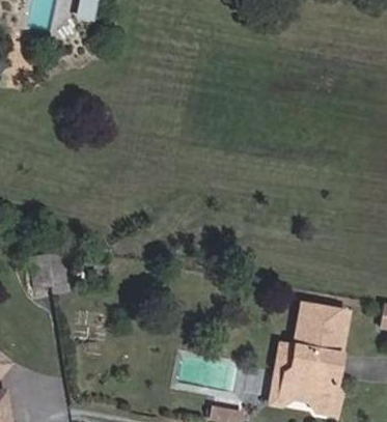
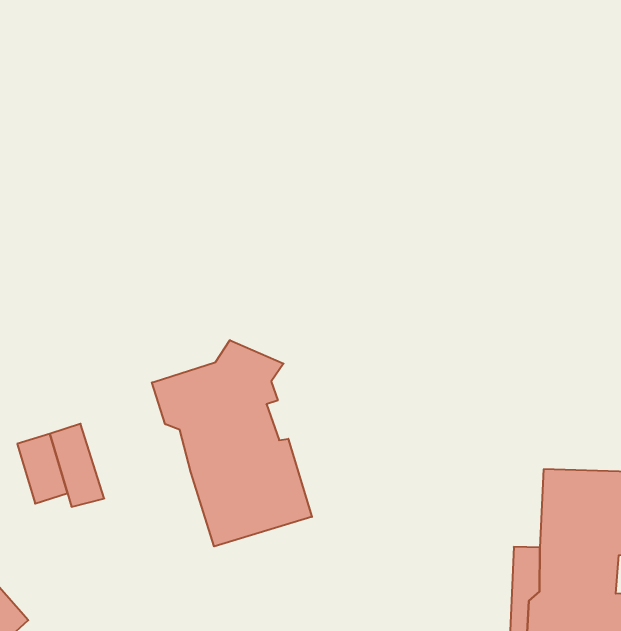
building: none -> [152,340,312,546]

